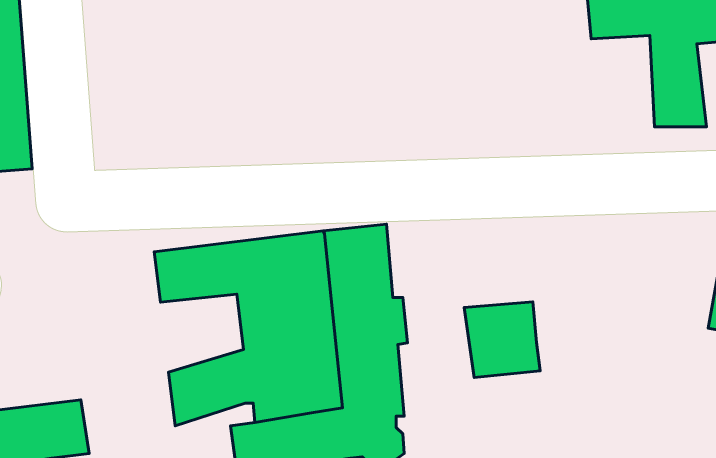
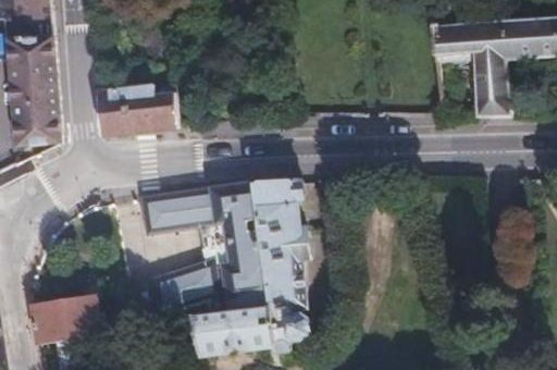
building: none -> [96,84,178,134]
building: [464,302,540,378] -> none

